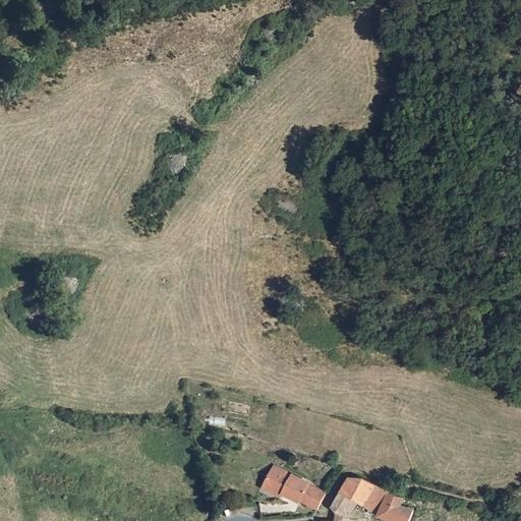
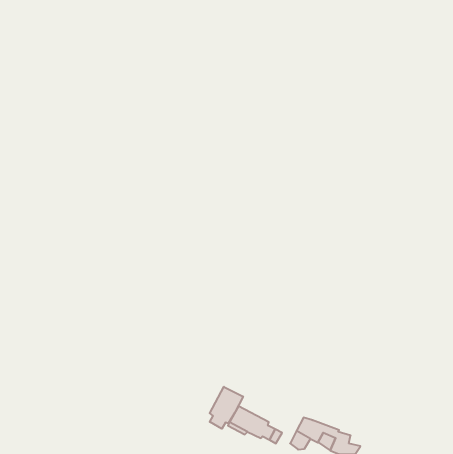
building: none -> [210,387,243,429]

